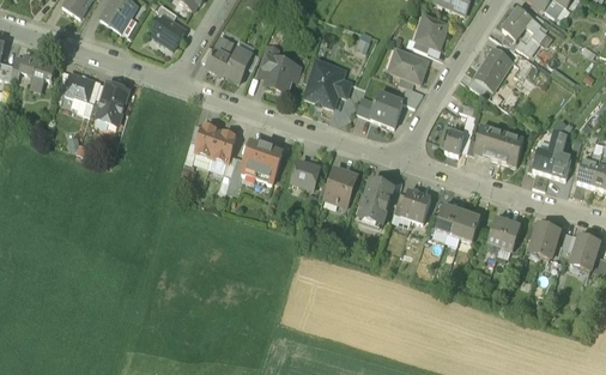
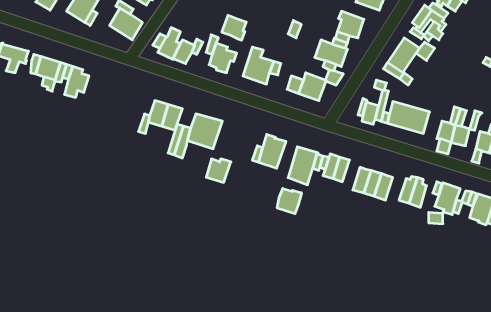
building: none -> [222,15,246,40]
building: [291,156,320,183] -> [206,159,231,182]
building: none -> [277,188,301,214]

